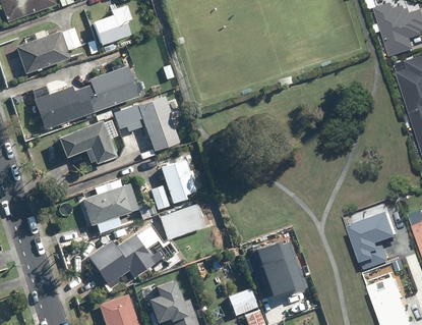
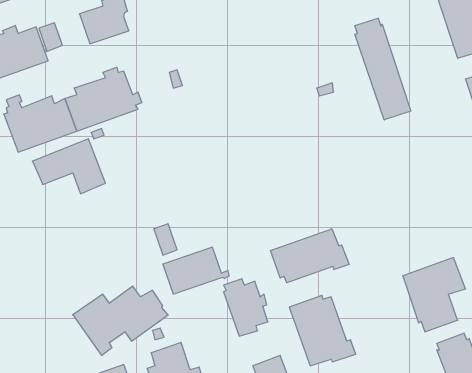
building: none -> [355,18,411,120]
building: [114,97,179,152] -> none
building: [160,158,194,203] -> [224,279,268,336]
building: [81,183,137,226] -> none
building: none -> [271,229,349,283]

